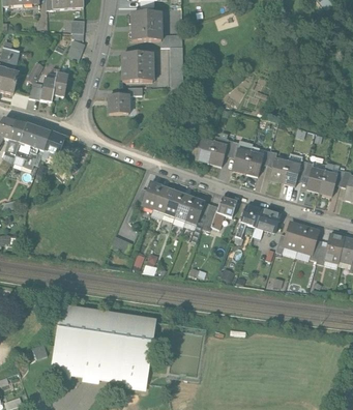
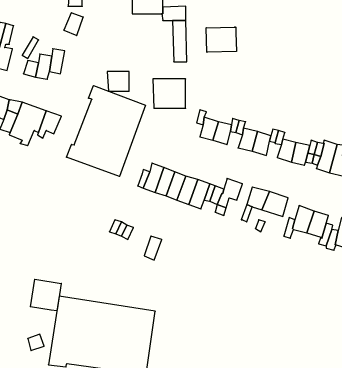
building: [121,52,152,80] -> [153,79,186,108]
building: none -> [206,27,236,52]
building: none -> [66,86,145,176]
building: none -> [30,279,61,311]

